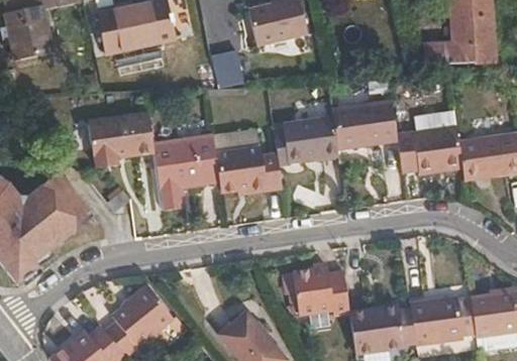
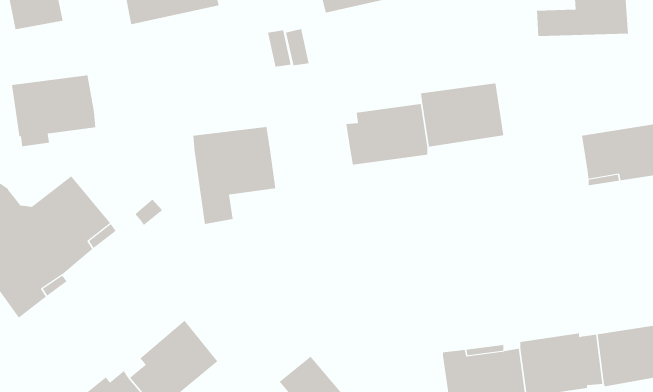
building: [88,112,154,168] -> [11,75,96,147]
building: [397,125,462,173] -> none
building: [215,145,282,194] -> none
building: [283,266,349,316] -> none

